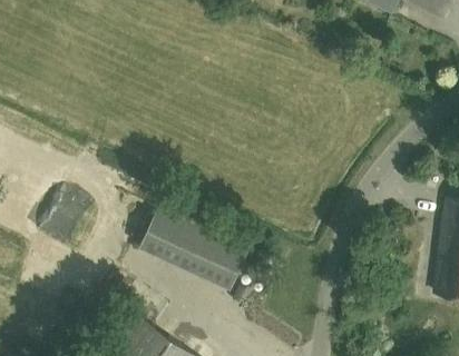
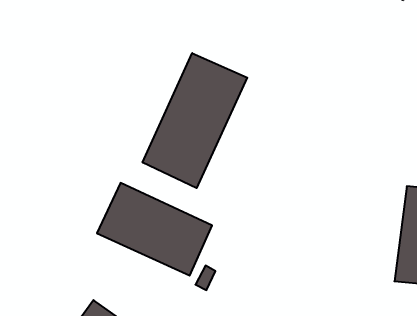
building: none -> [143,53,247,188]

